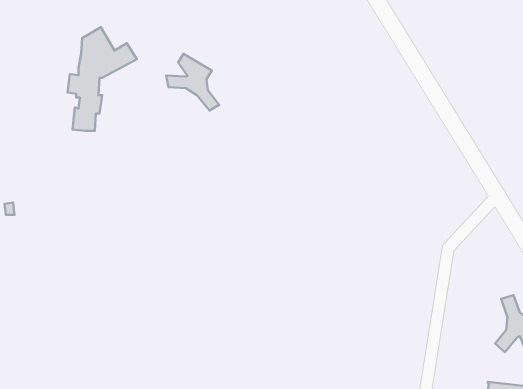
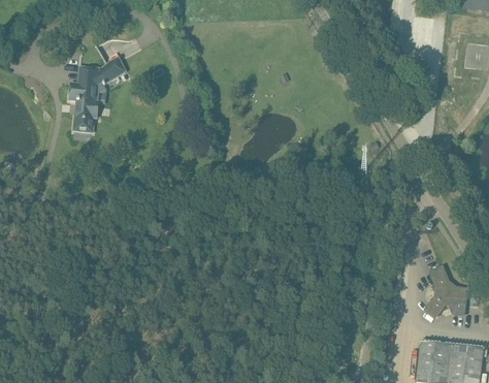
building: [166,54,219,110] -> none

